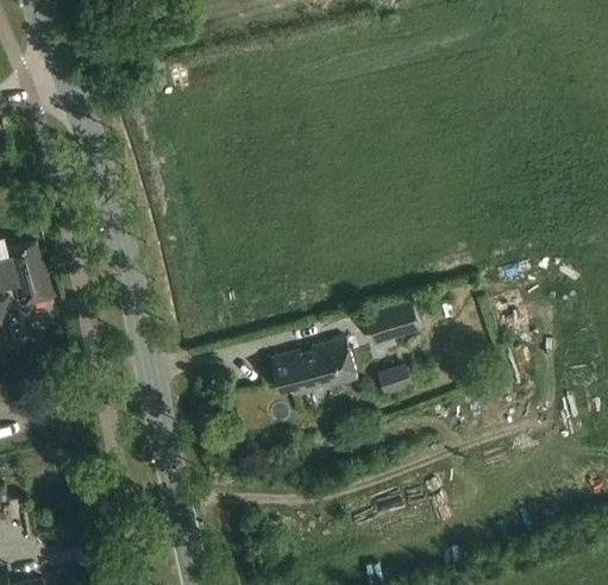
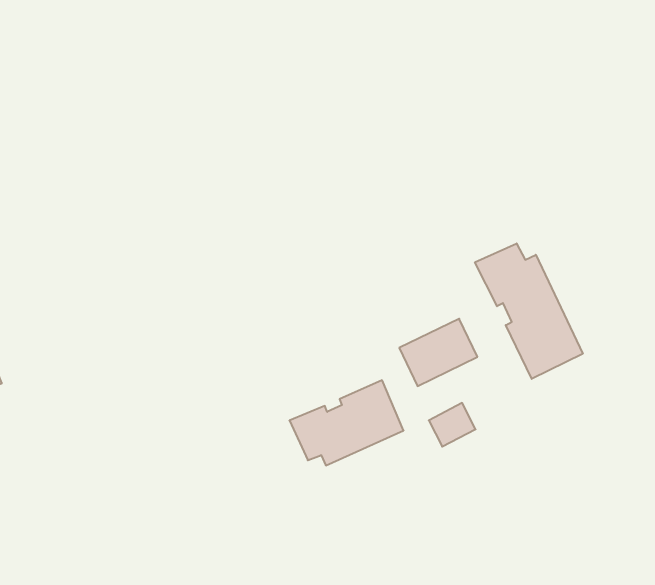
building: none -> [475,243,583,379]

